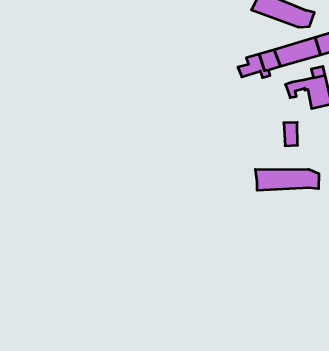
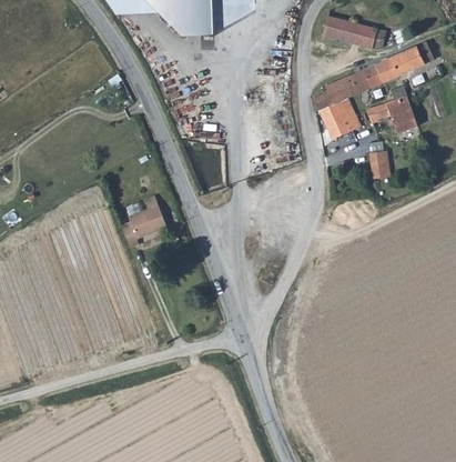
building: none -> [317,100,361,139]
building: none -> [121,195,166,248]
building: [255,169,319,190] -> none

